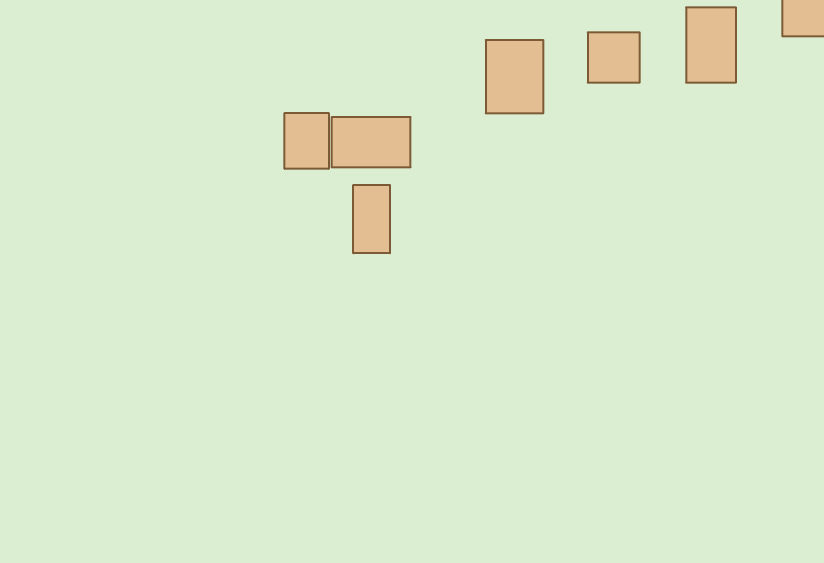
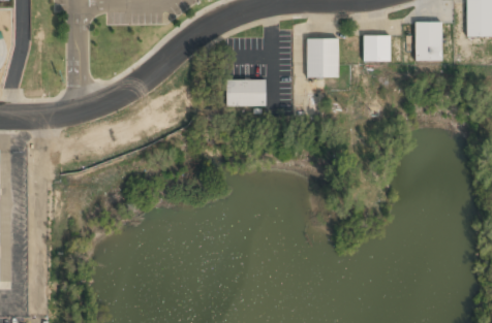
building: [285,113,329,169] -> none
building: [353,185,390,253] -> none

